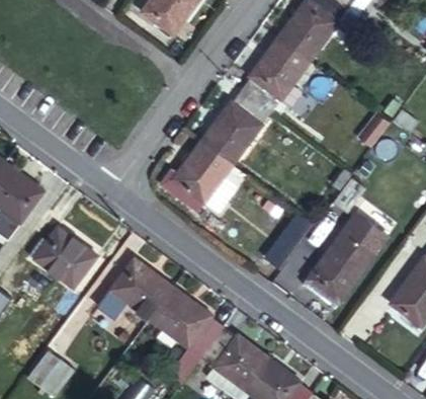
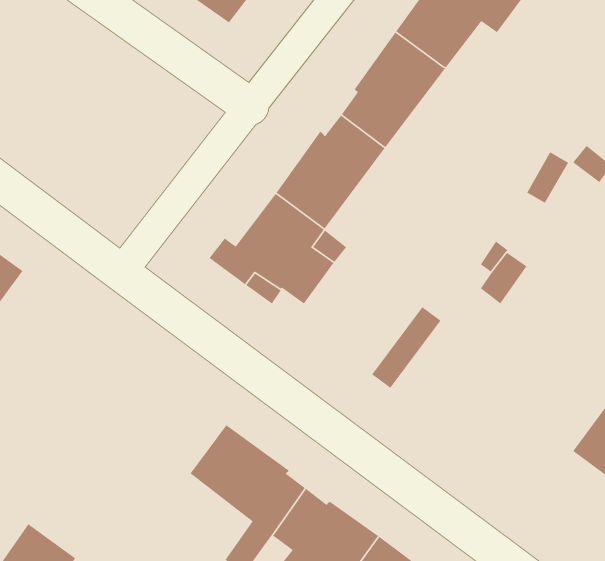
building: [304,218,387,306] -> none
building: [33,226,95,286] -> none
building: [96,256,171,319] -> none

